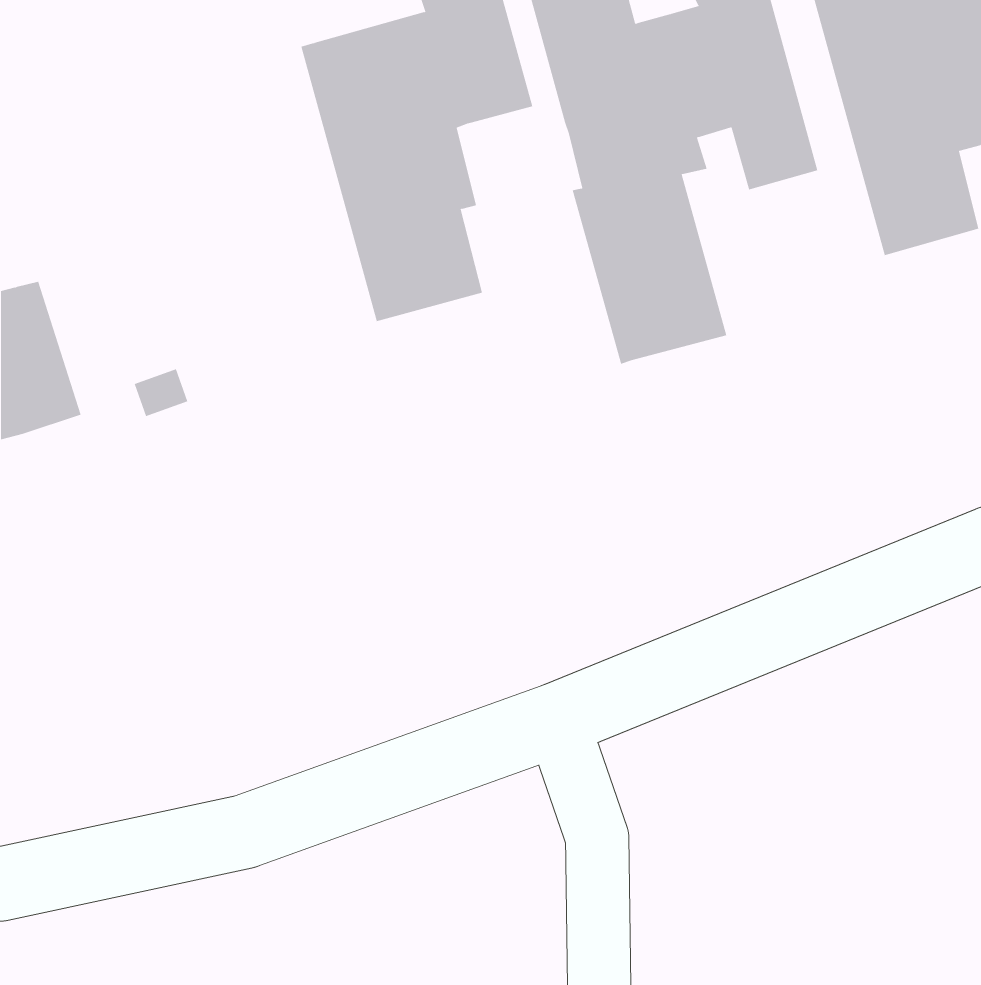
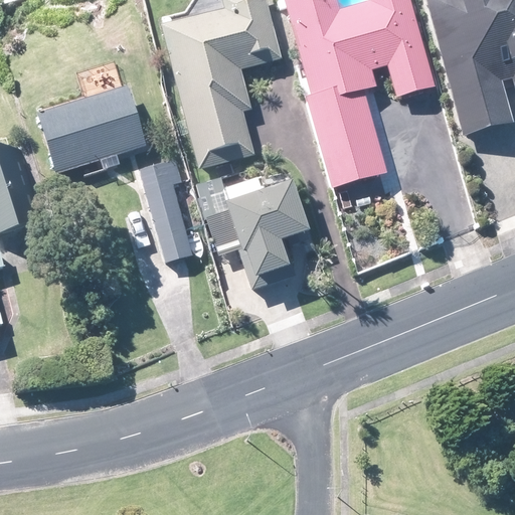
building: none -> [37,84,147,172]
building: none -> [142,158,193,260]
building: none -> [223,180,308,289]

